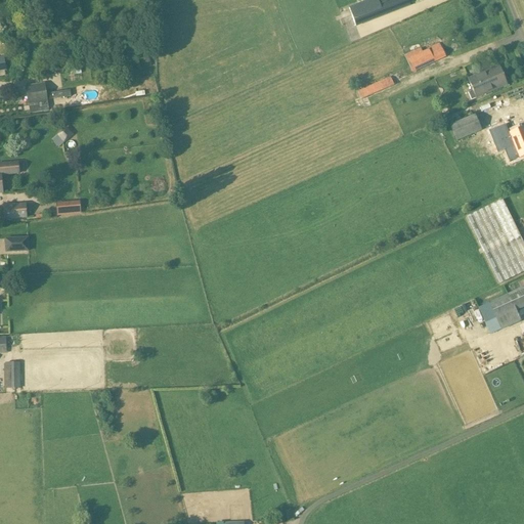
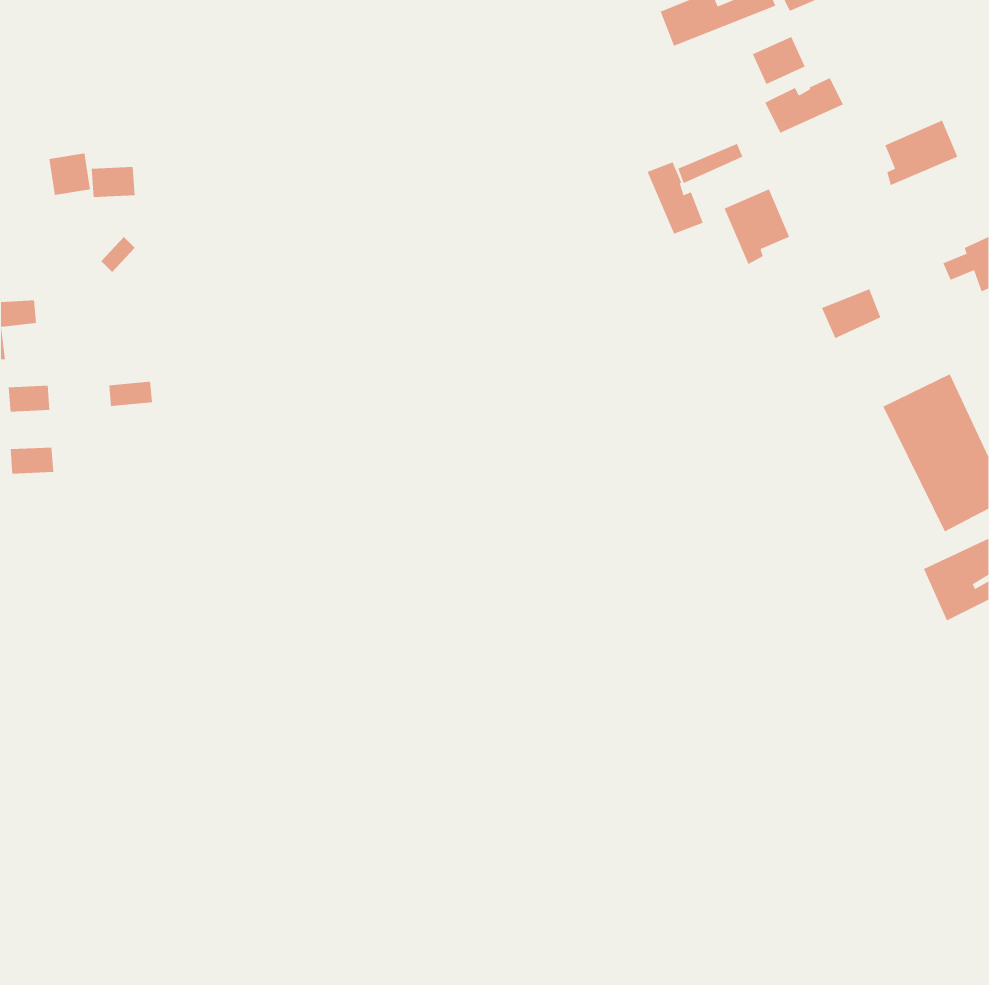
building: none -> [752,36,806,85]
building: none -> [647,162,703,234]
building: none -> [724,188,790,265]
building: [449,113,481,139] -> [821,288,881,339]
building: [5,362,20,388] -> none

